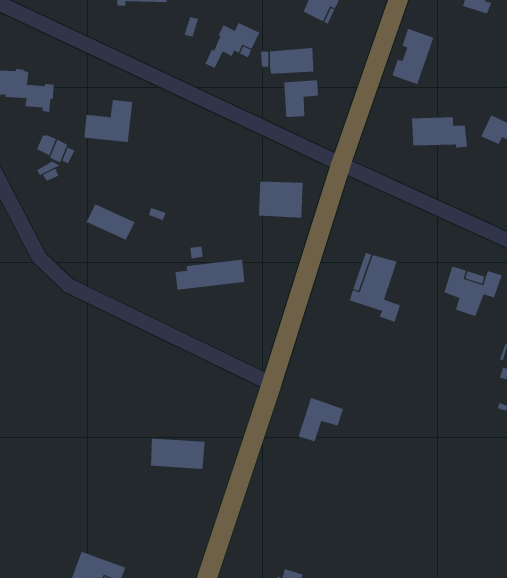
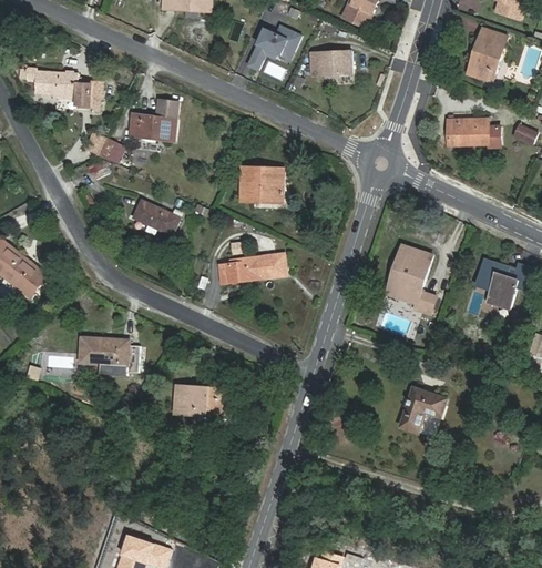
building: [391,28,434,85] -> [464,27,505,81]
building: [284,80,319,118] -> none
building: [258,181,303,218] -> [239,168,283,203]
building: none -> [79,338,139,373]
building: [298,397,344,442] -> [400,388,444,432]
building: [150,438,206,469] -> [173,386,226,416]

